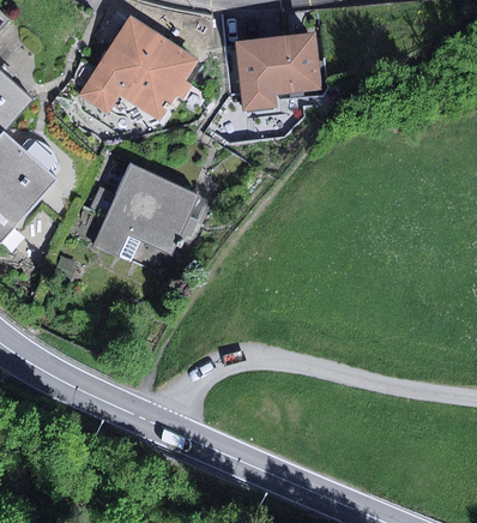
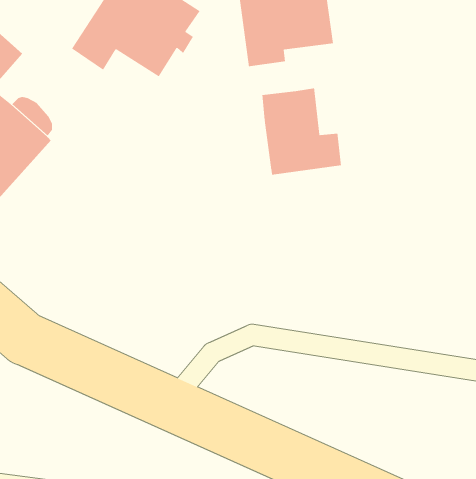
building: none -> [262,87,342,175]
building: [95,166,198,260] -> none

